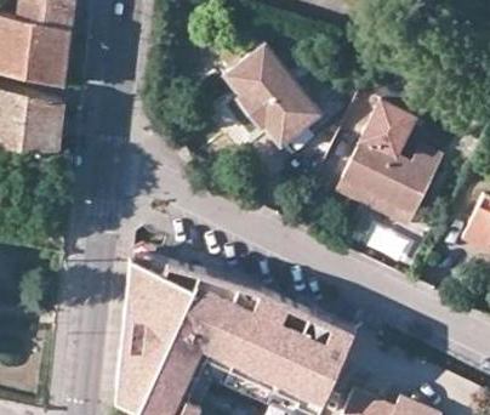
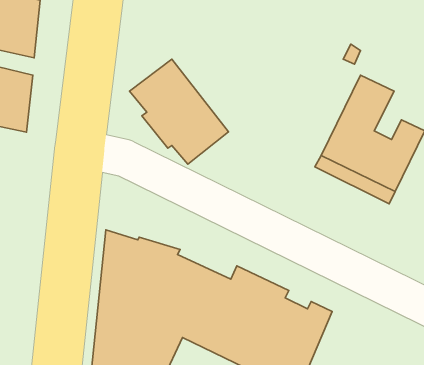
building: [223,44,320,147] -> [130,59,229,164]

